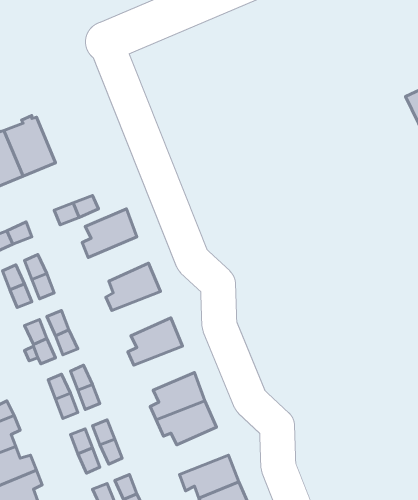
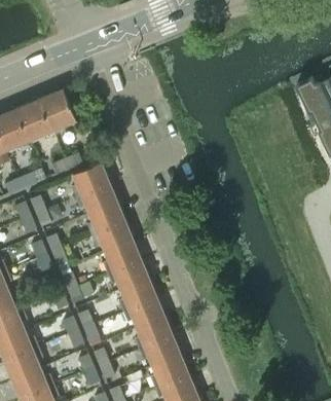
building: none -> [39,89,77,132]
building: none -> [75,183,117,214]
building: none -> [91,221,133,252]
building: none -> [107,259,149,290]
building: none -> [135,316,173,349]

